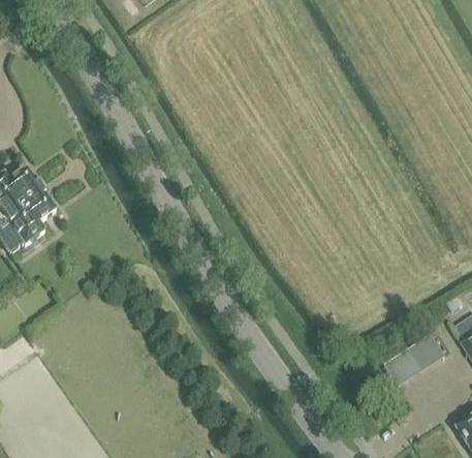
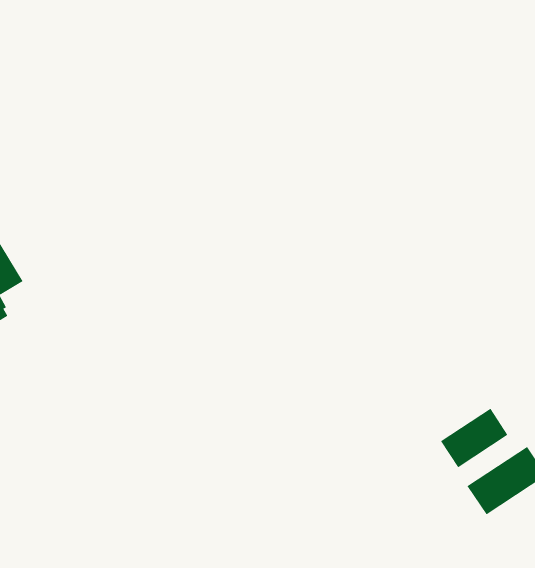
building: none -> [440,408,508,468]

